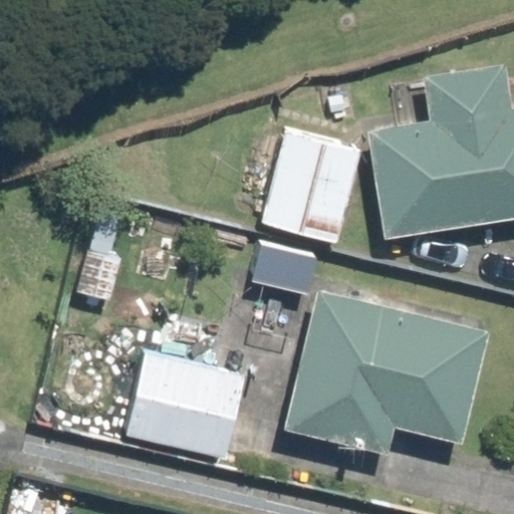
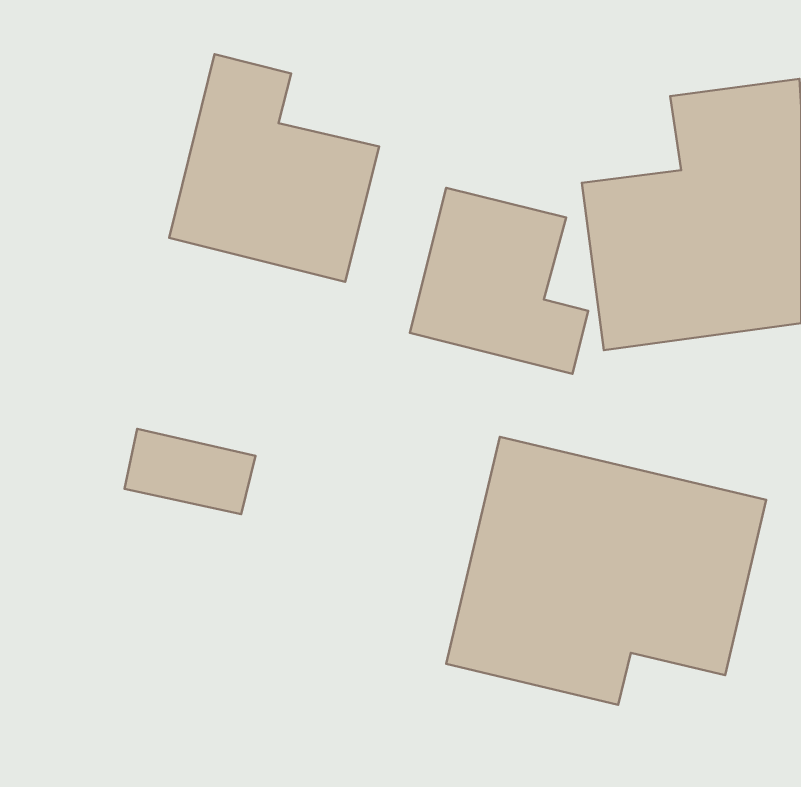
building: none -> [169,54,379,282]
building: [117,319,246,461] -> none

